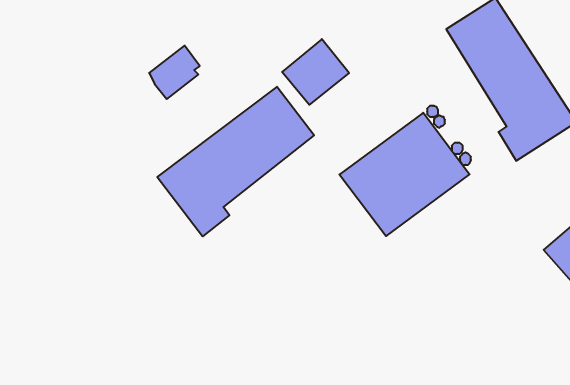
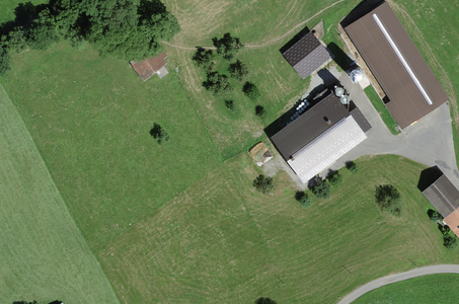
building: [282,39,349,105] -> [282,30,331,79]
building: [157,87,314,236] -> none

